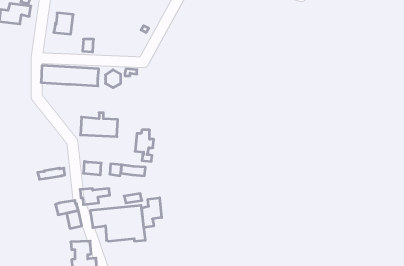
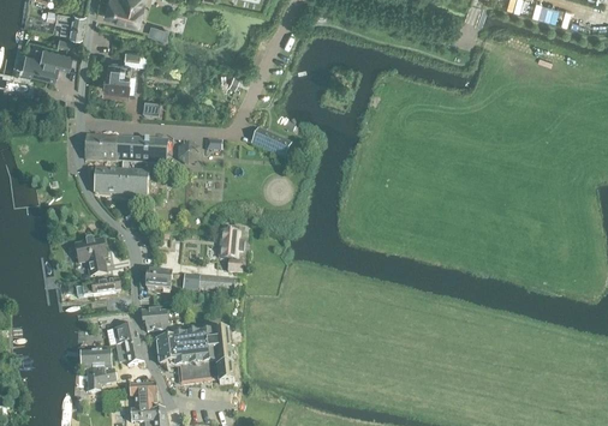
building: none -> [251,130,292,160]
building: [80,113,118,137] -> [95,162,148,196]
building: none -> [74,239,105,277]
building: [142,198,162,228] -> none
building: none -> [83,353,117,394]

